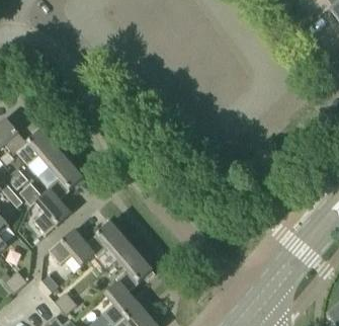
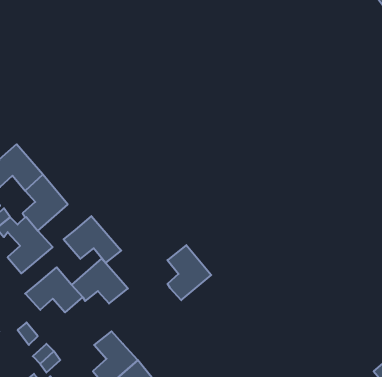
building: none -> [64,216,121,263]
building: [115,246,151,291] -> [167,245,211,300]

